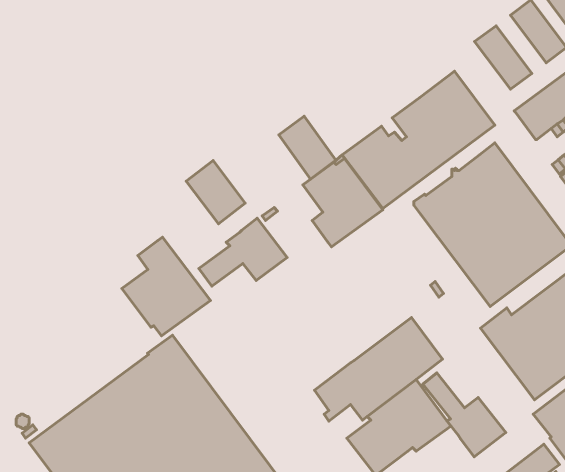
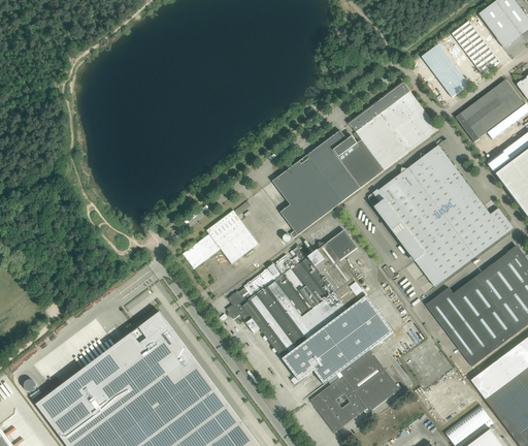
building: [279,116,336,179] -> none
building: [186,160,245,224] -> none
building: [122,237,210,336] -> none
building: none -> [226,229,366,358]
building: [423,373,506,457] -> none

